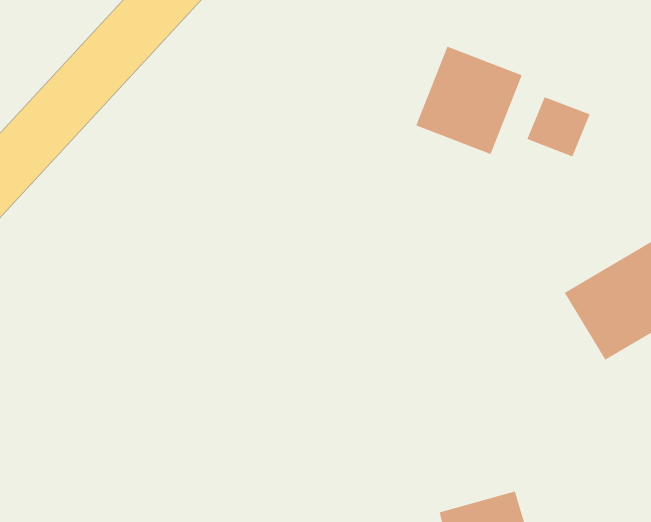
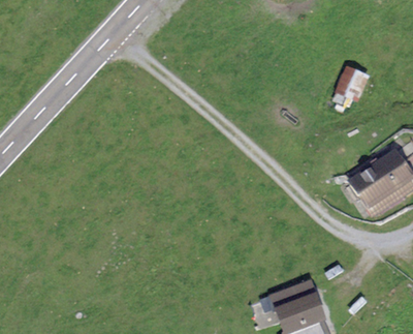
building: [415,46,523,155] -> none

